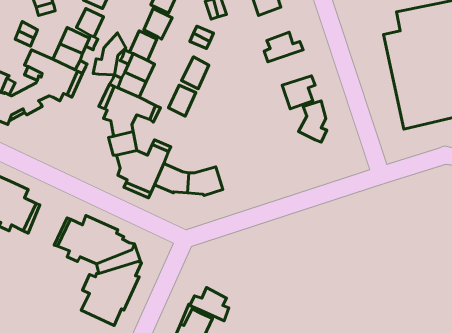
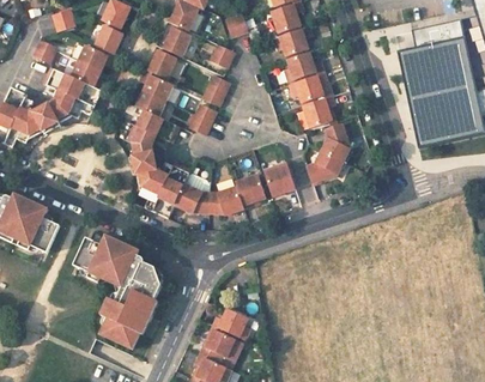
building: none -> [274,26,313,56]
building: [93,33,126,75] -> none
building: none -> [290,72,328,102]
building: none -> [305,151,342,183]
building: none -> [263,162,295,196]
building: none -> [235,175,266,210]

